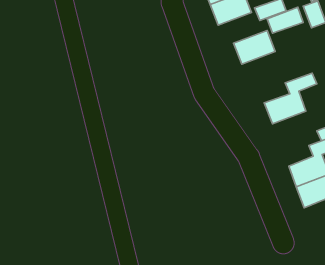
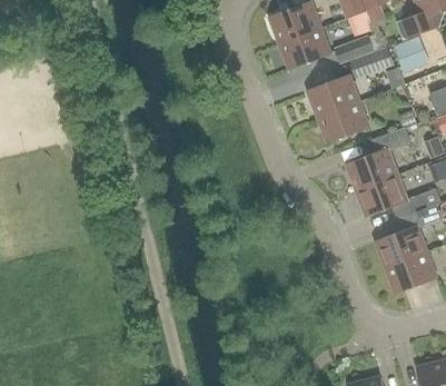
building: none -> [318,100,368,141]
building: none -> [356,174,407,215]

